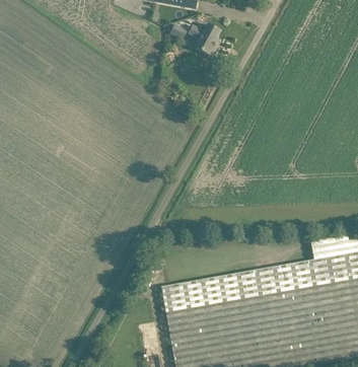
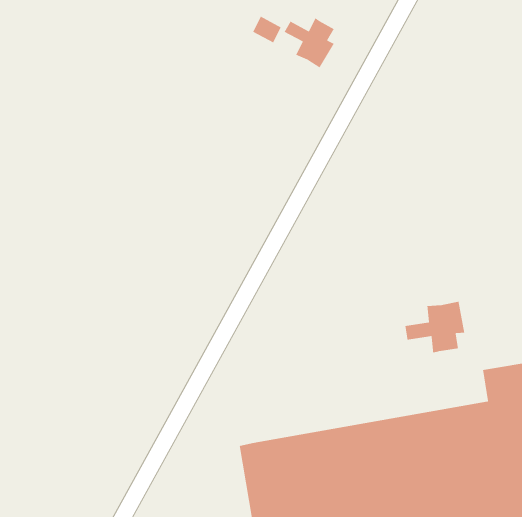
building: none -> [404,301,465,353]

